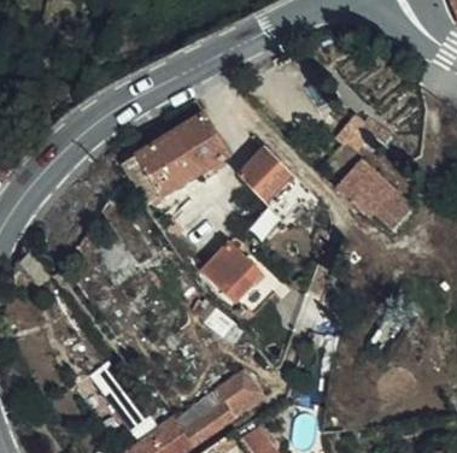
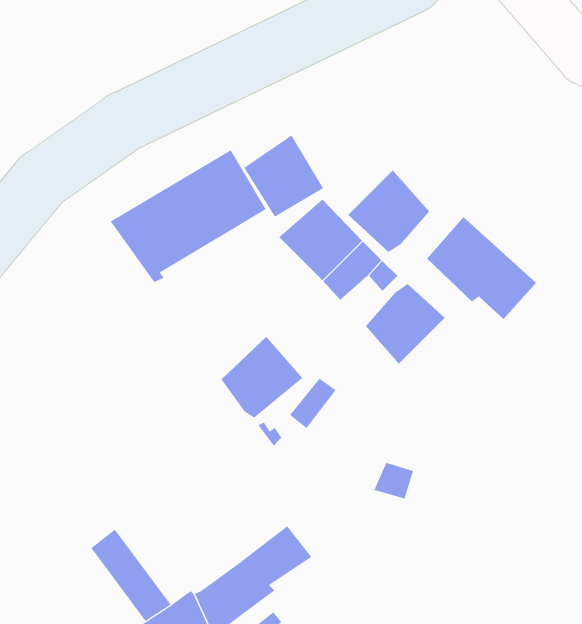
building: none -> [243,135,324,218]
building: none -> [347,170,430,253]
building: none -> [365,283,445,365]

